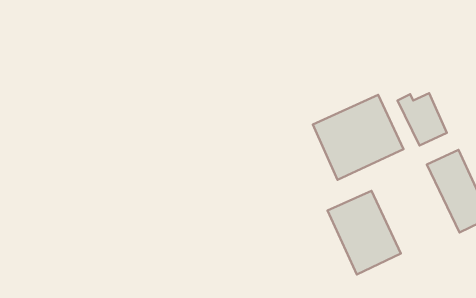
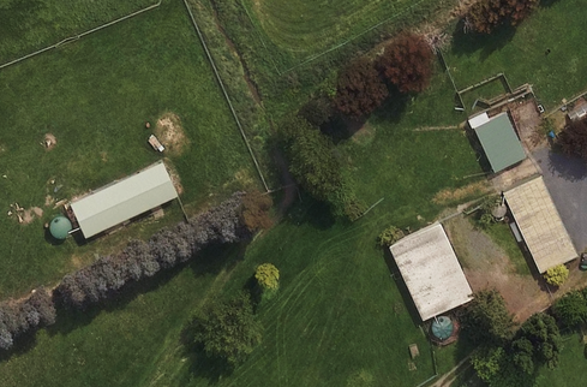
building: [313,95,404,180] -> none
building: none -> [70,161,176,236]

